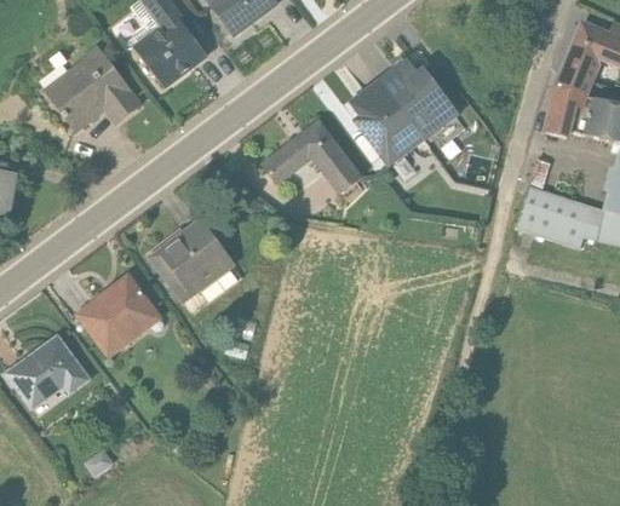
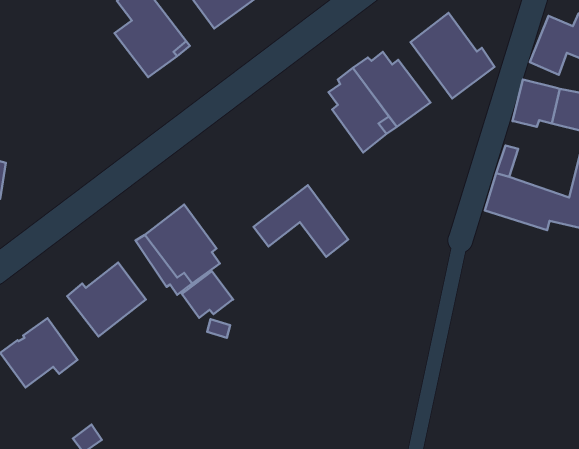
building: none -> [411,13,495,99]
building: [44,44,140,130] -> none
building: [263,120,362,195] -> [253,185,348,257]
building: none -> [182,271,233,318]

